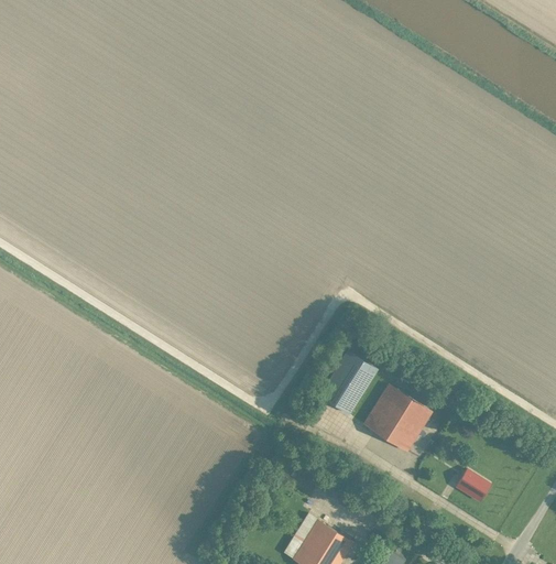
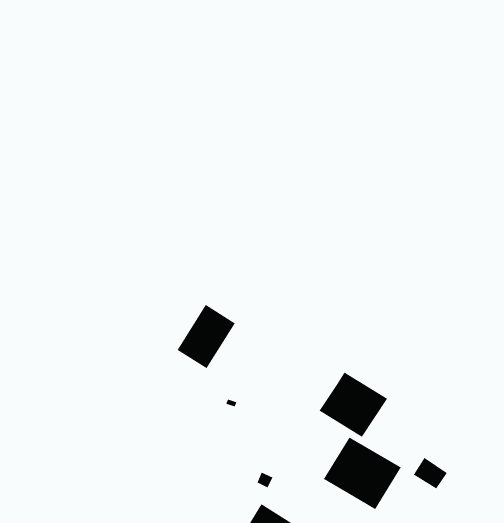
building: [319,350,378,414] -> [176,304,236,369]
building: none -> [323,436,402,510]

